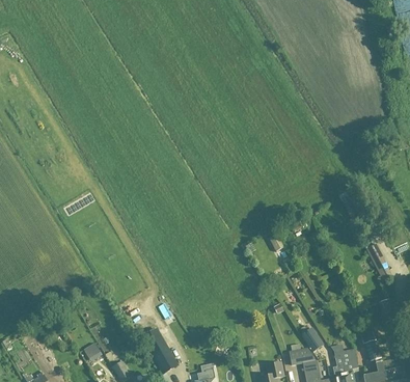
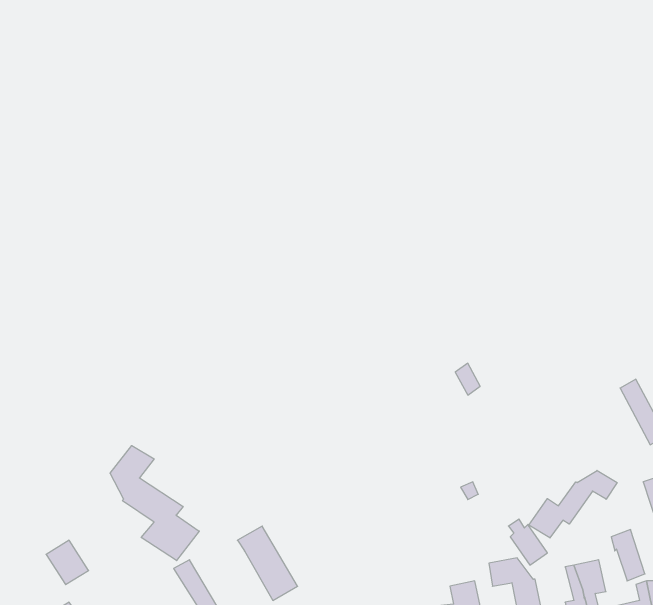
building: none -> [110,446,199,561]
building: none -> [529,470,617,538]

